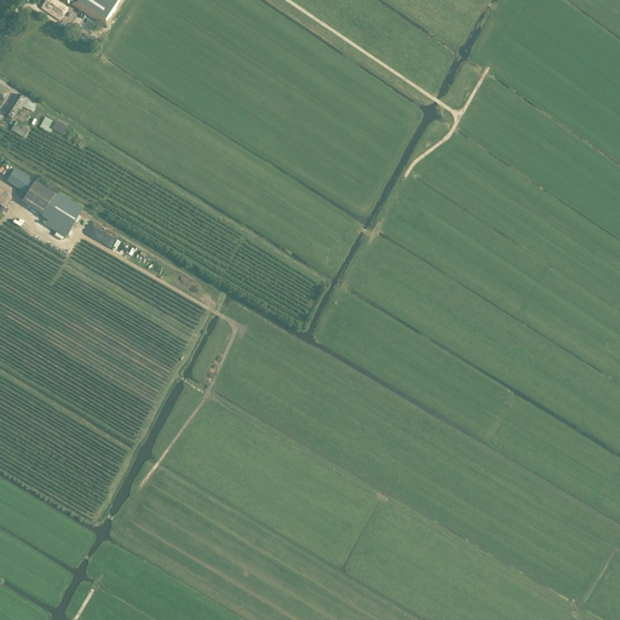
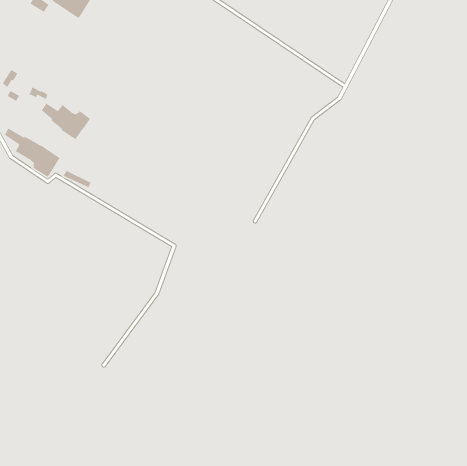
building: none -> [41,103,91,140]

